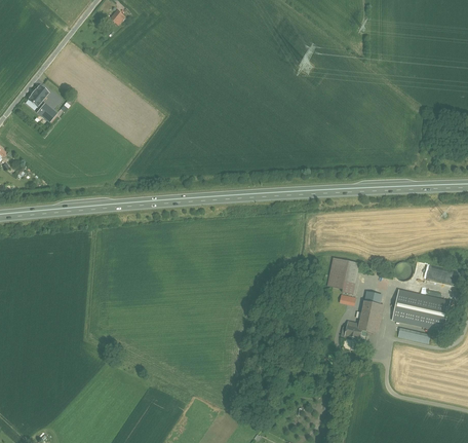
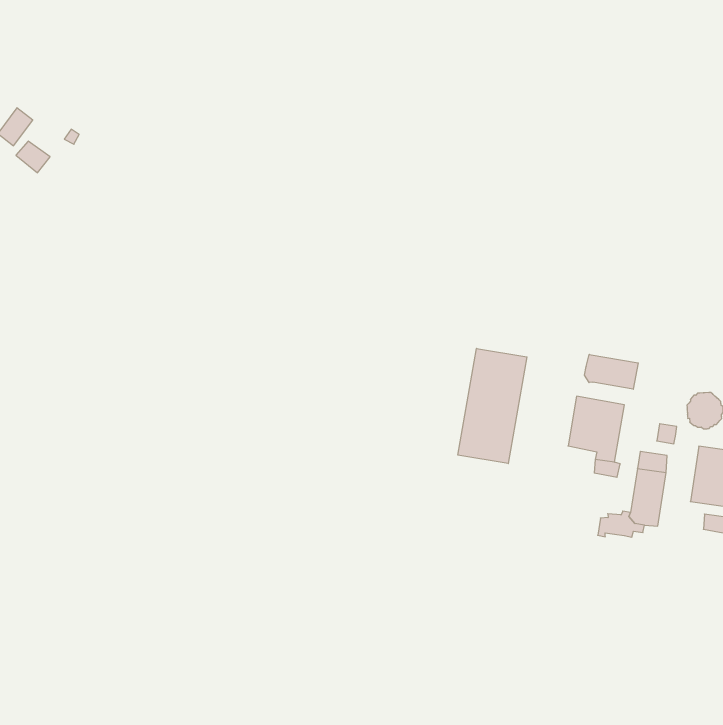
building: none -> [458,348,527,464]
building: none -> [585,354,638,389]

